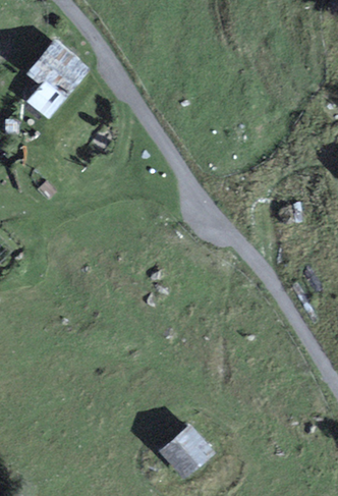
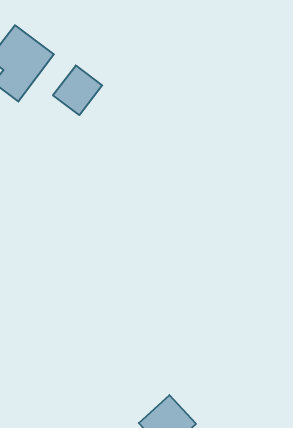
building: none -> [53,65,102,115]

